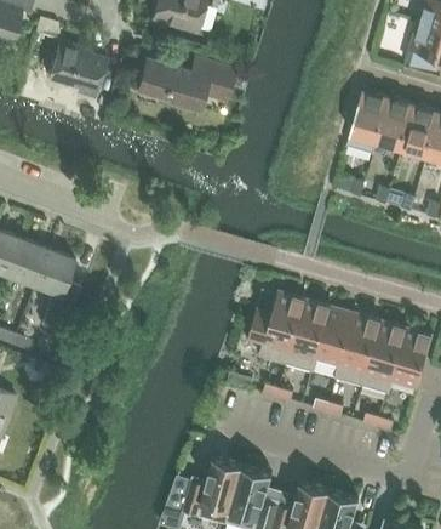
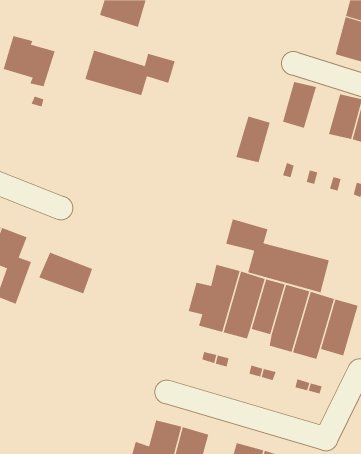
building: [373,98,411,149] -> [236,116,270,163]
building: none -> [226,218,330,293]
building: none -> [39,252,93,294]

